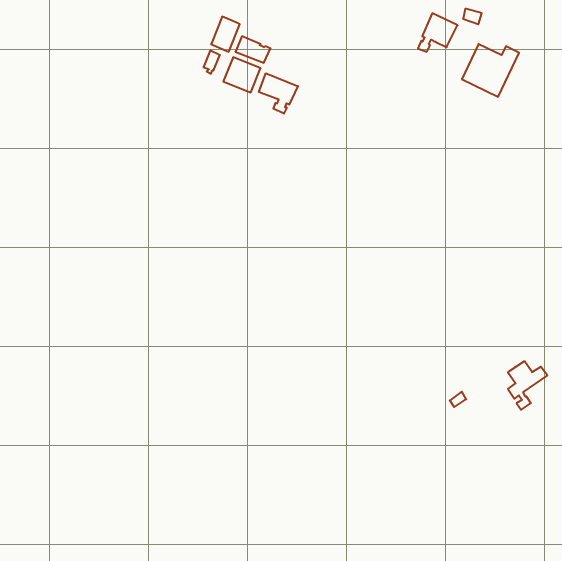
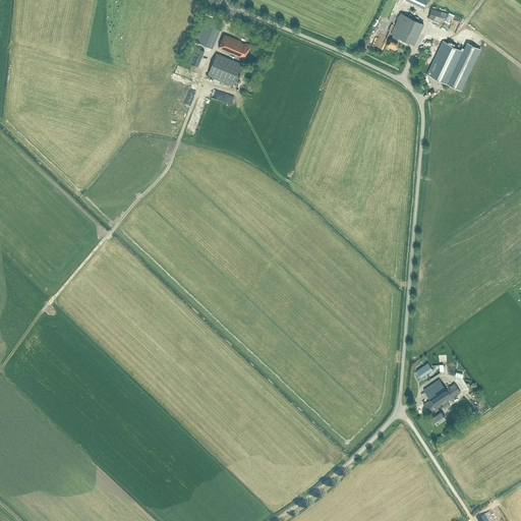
building: [259,73,298,114] -> none
building: [508,361,547,410] -> [423,380,460,424]

